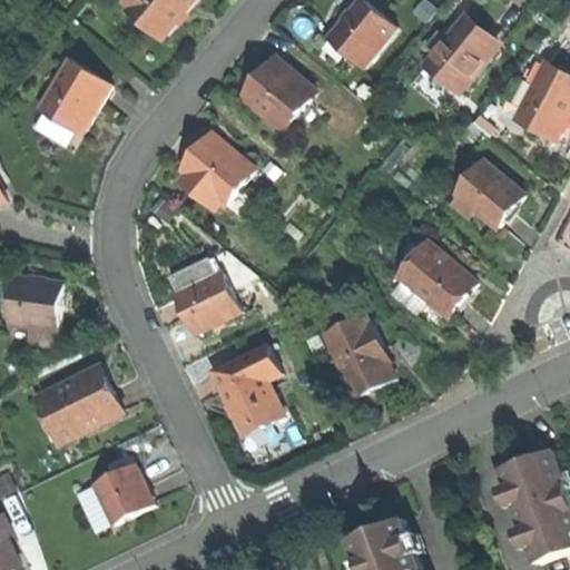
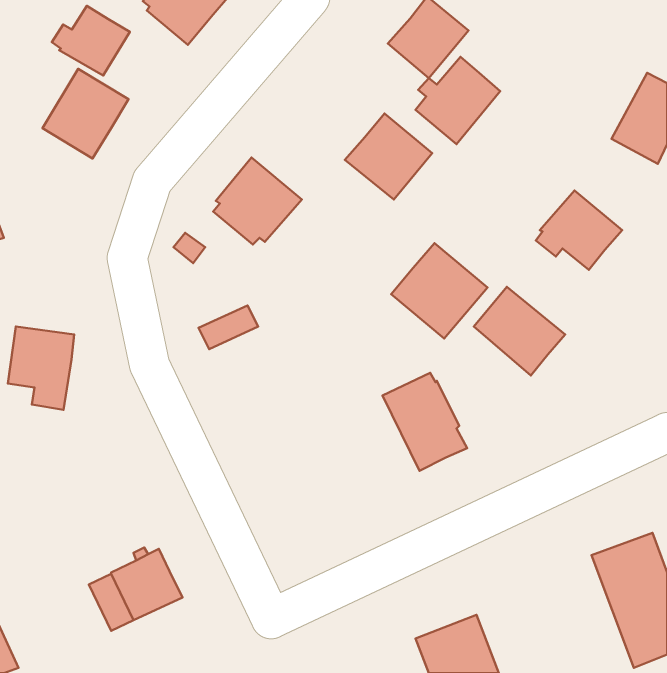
building: none -> [52,6,130,76]
building: [423,18,494,91] -> [416,57,500,144]
building: [240,57,314,129] -> [345,114,432,199]
building: none -> [391,243,487,338]
building: [174,272,240,333] -> none
building: [210,344,283,436] -> none
building: [36,371,121,441] -> none

